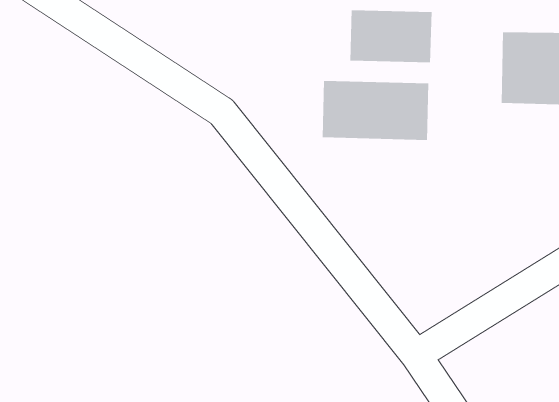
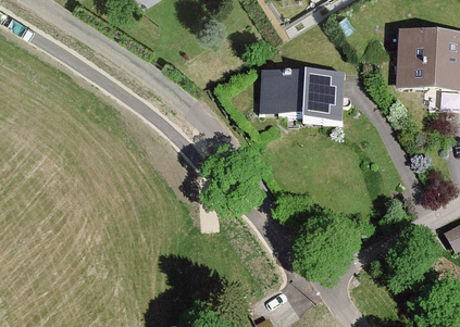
building: [350,9,432,63] -> none

